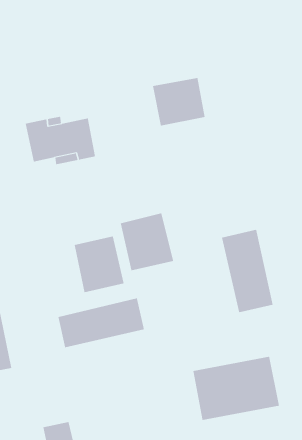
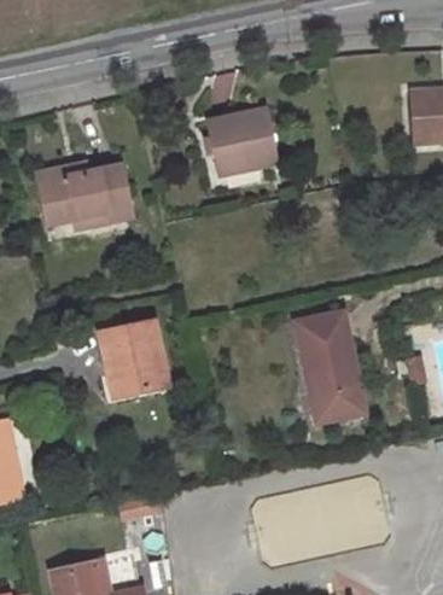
building: [120,213,174,271] -> none
building: [58,297,145,348] -> none

